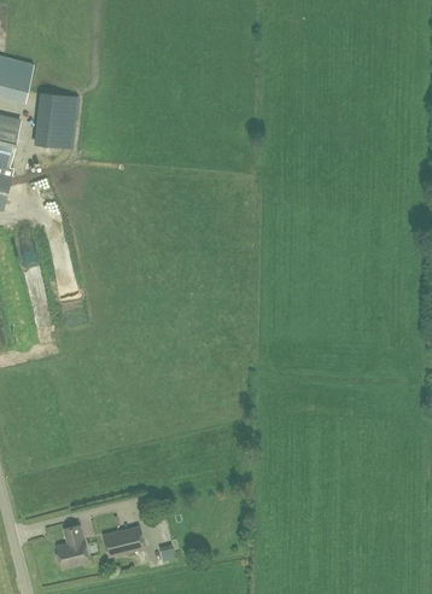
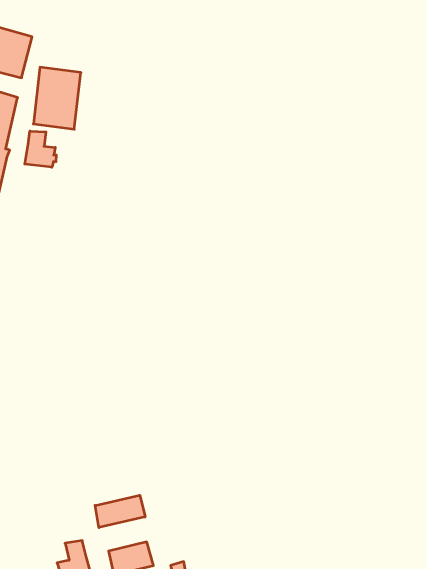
building: none -> [25,131,56,167]
building: none -> [95,495,145,528]

